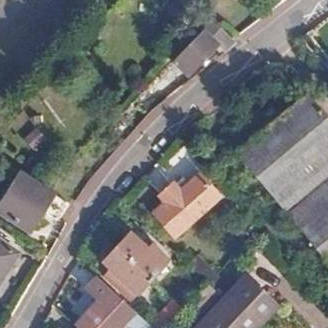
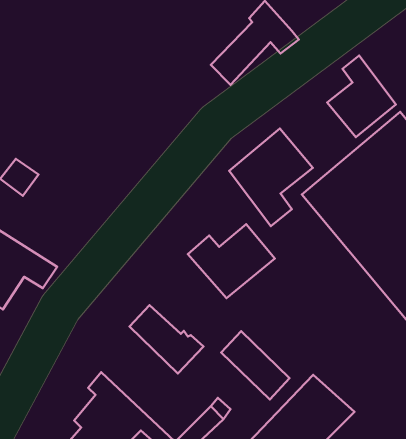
building: none -> [327,56,396,137]
building: none -> [229,129,313,226]
building: [103,245,151,293] -> [221,331,290,400]

